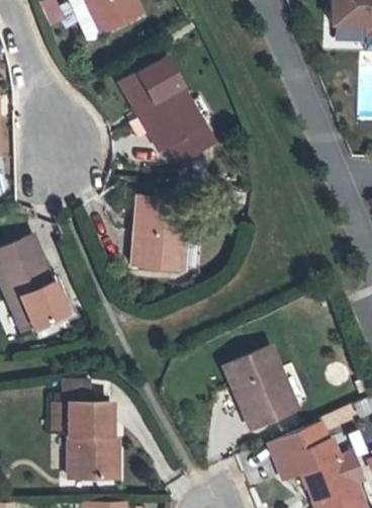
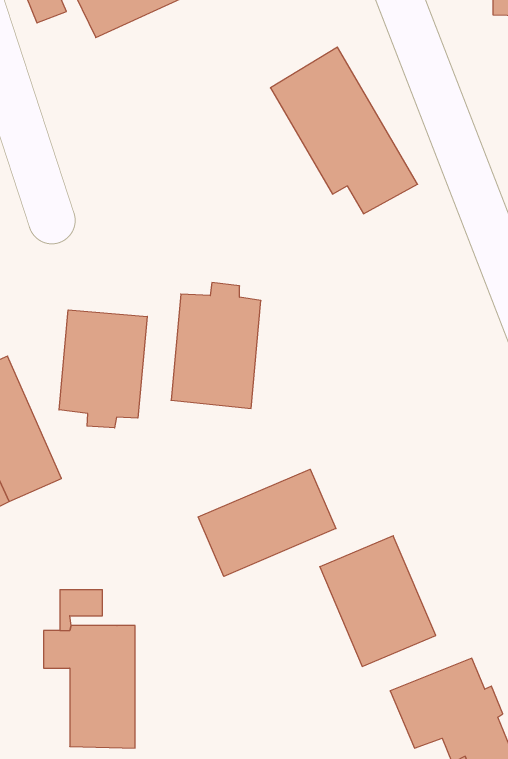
building: [121,57,212,160] -> [270,47,418,214]
building: none -> [59,310,147,428]
building: none -> [198,469,336,576]

